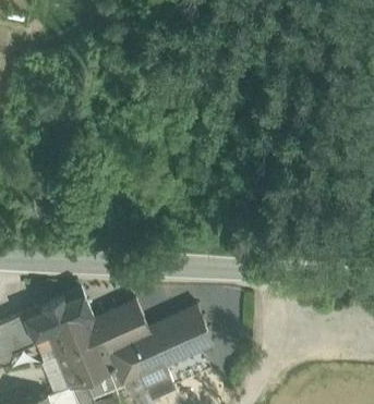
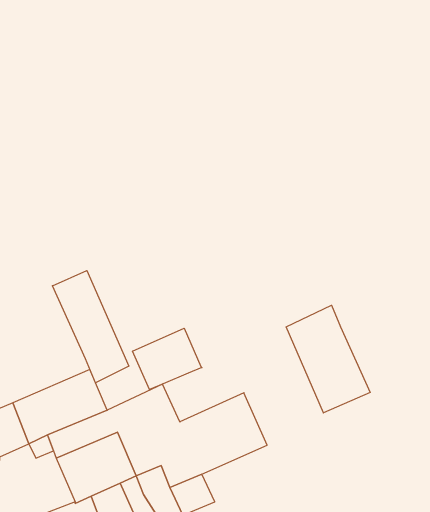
building: none -> [52,271,129,383]
building: none -> [286,305,370,413]
building: none -> [133,328,202,390]

